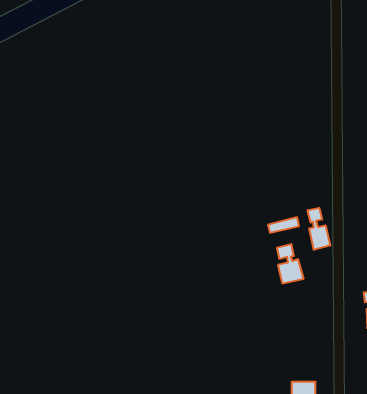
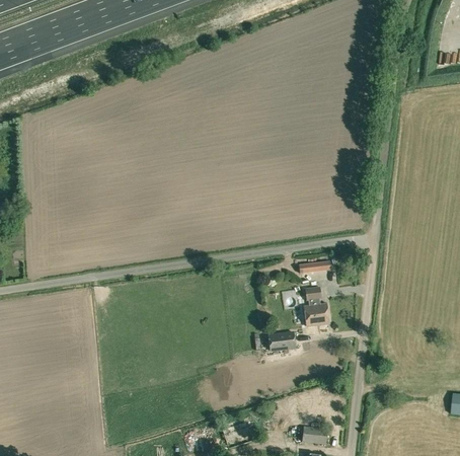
building: [308,208,330,250] -> none
building: none -> [267,330,296,352]

